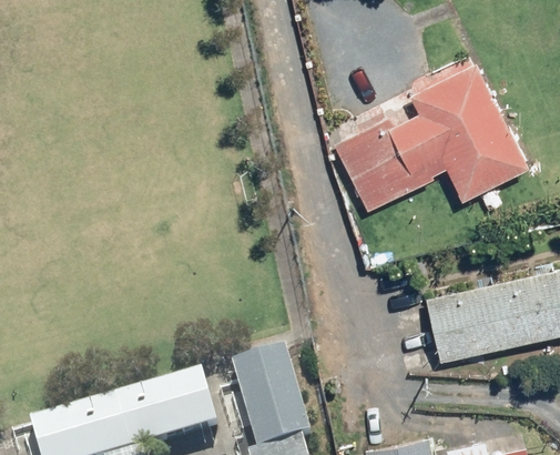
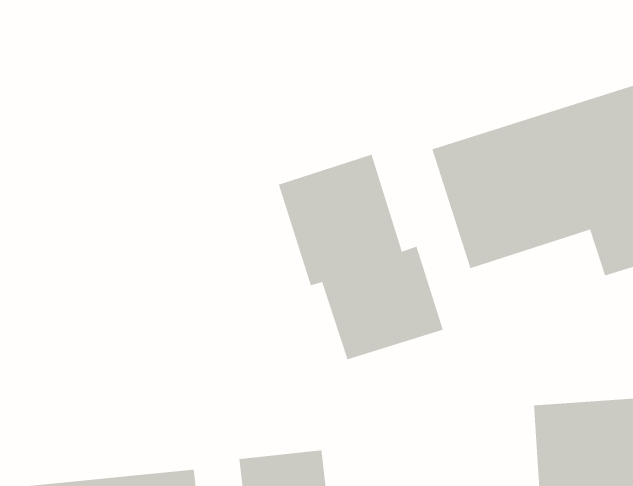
building: none -> [278,154,443,360]

